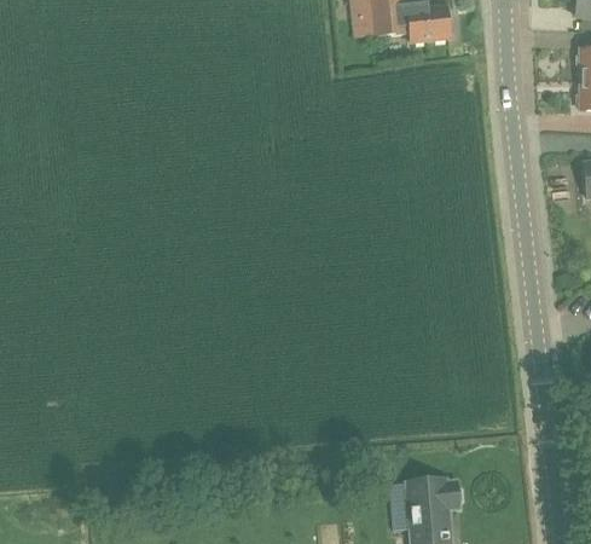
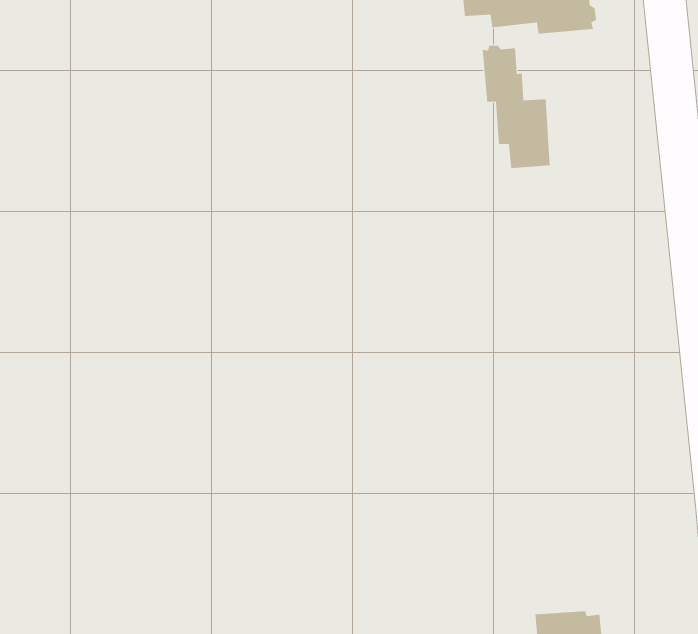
building: none -> [482,45,550,169]

